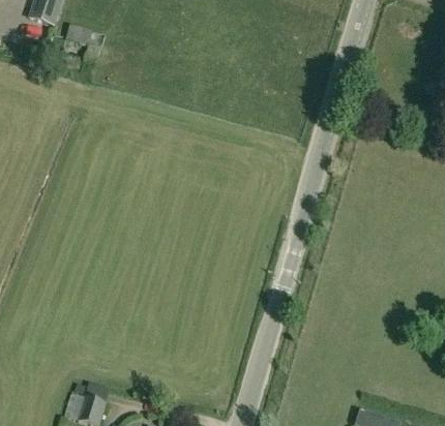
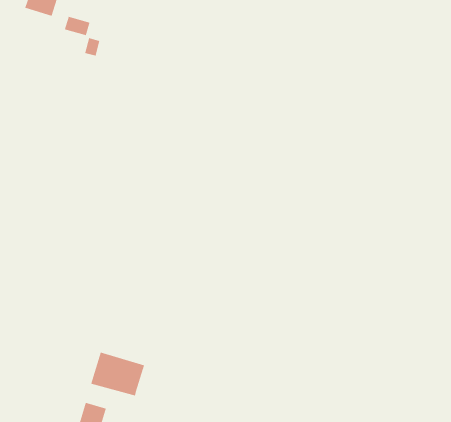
building: none -> [90,351,145,396]

